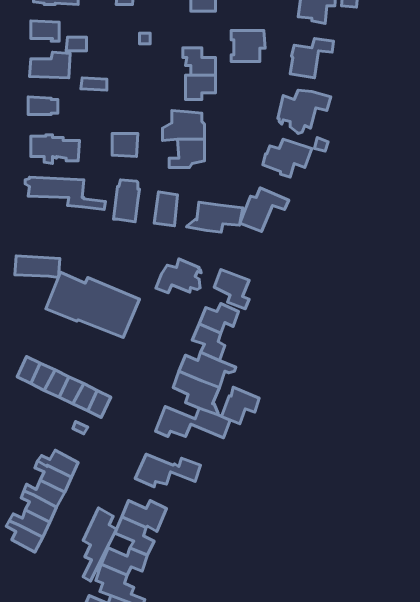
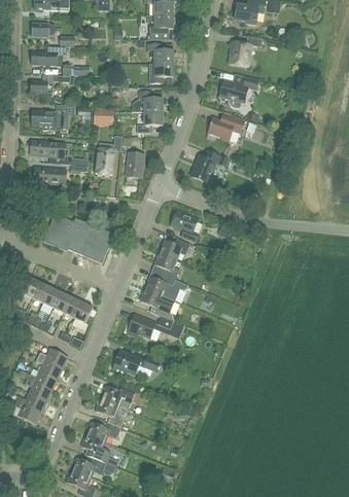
building: [231,30,265,62] -> [147,14,173,38]
building: [187,202,243,232] -> none
building: [15,256,60,278] -> [33,167,67,183]
building: [156,259,201,293] -> none
building: [222,387,259,424] -> none
building: [83,508,117,581] -> none

